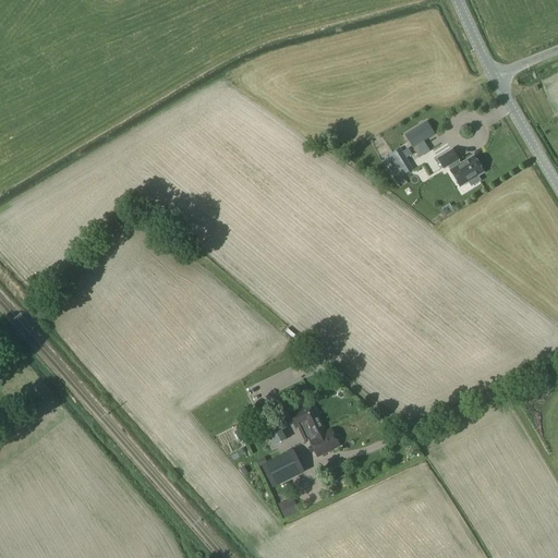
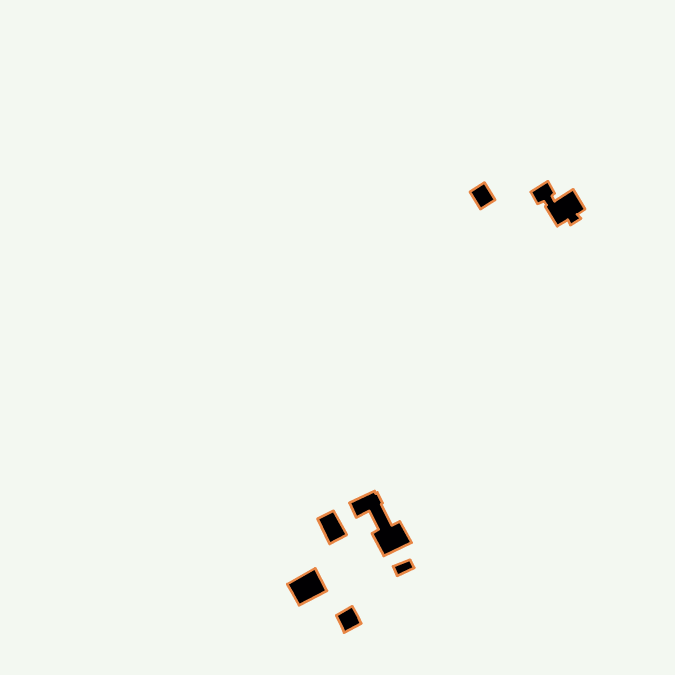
building: [407,117,434,151] -> none
building: [268,452,301,483] -> [287,568,327,605]

